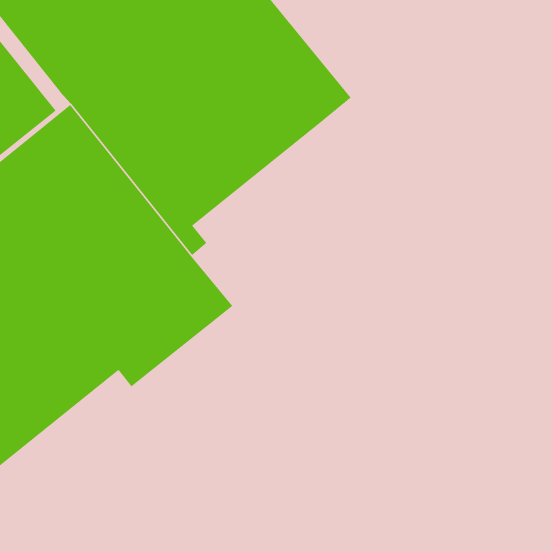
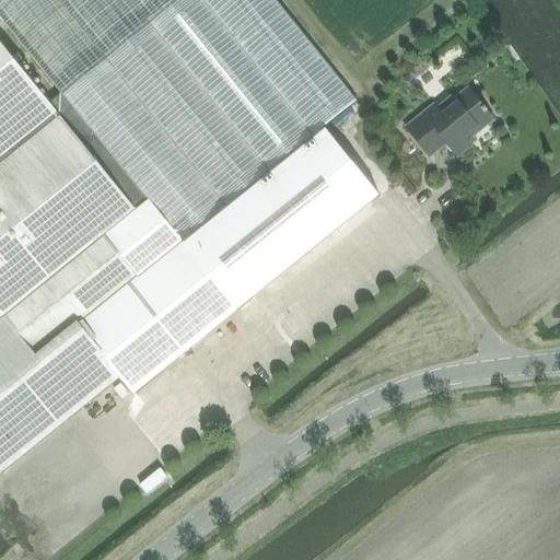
building: none -> [405,88,491,154]
building: none -> [194,125,380,311]

